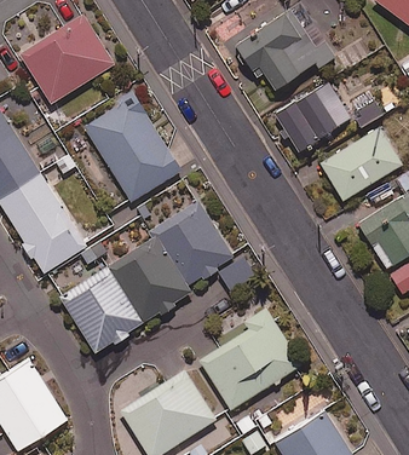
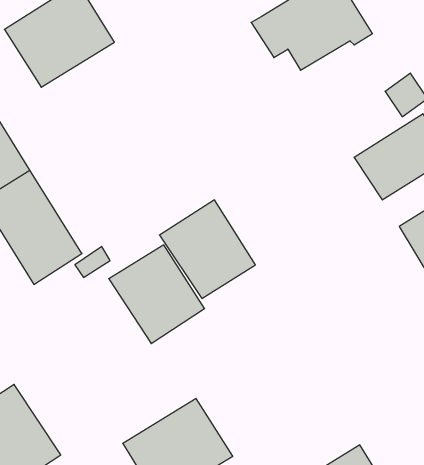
building: [276,81,350,151] -> none
building: [83,96,180,201] -> none
building: [61,270,142,355] -> none
building: [200,307,301,409] -> none

